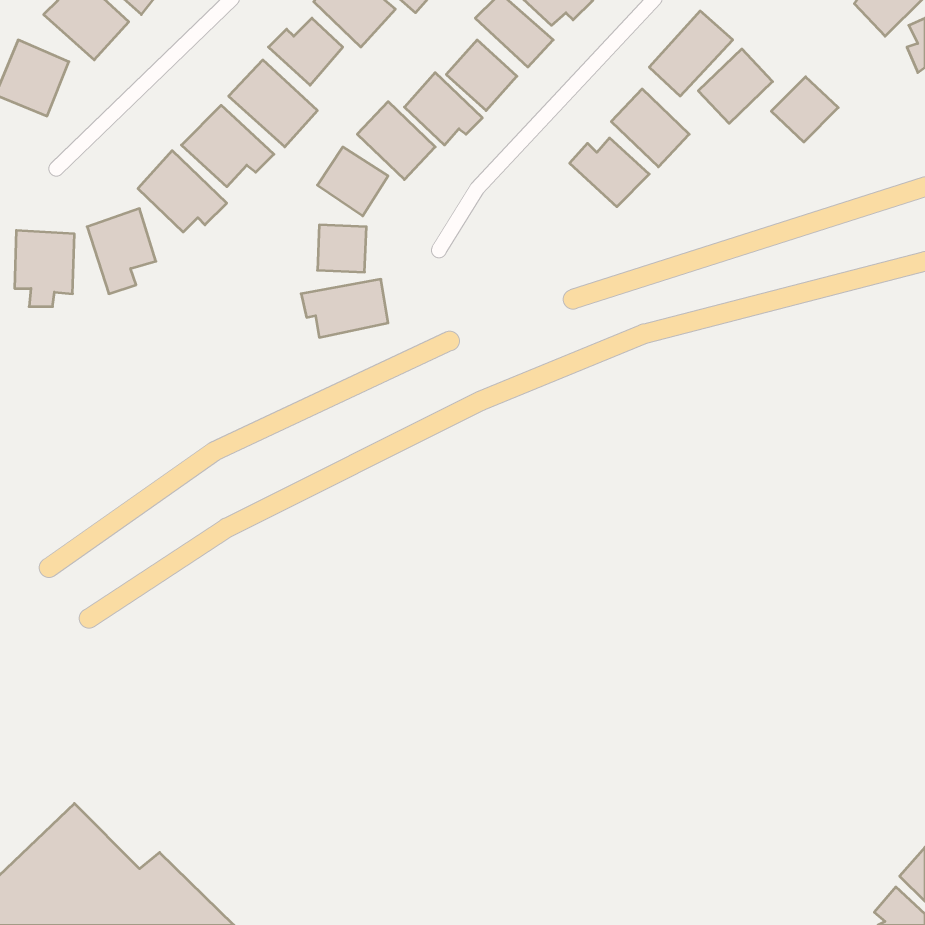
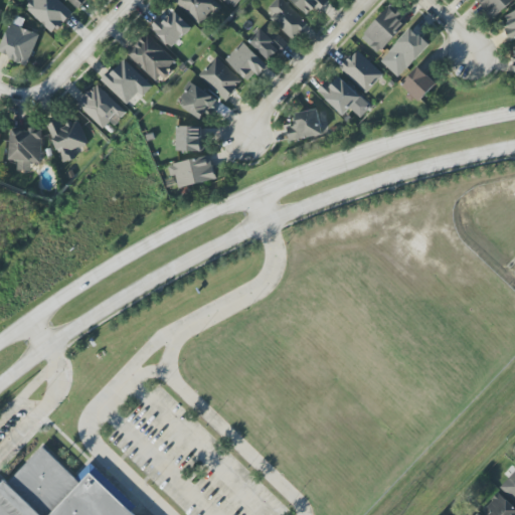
building: [771,77,838,142] -> [400,64,438,101]
building: none -> [286,109,322,140]

